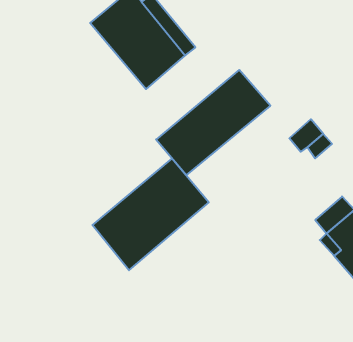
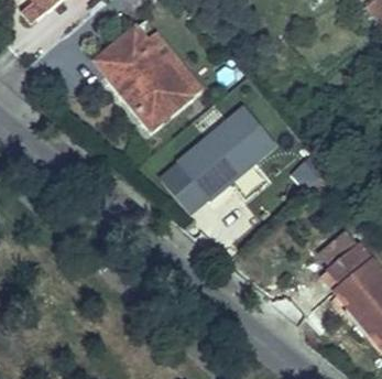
building: [92,158,209,270] -> none

